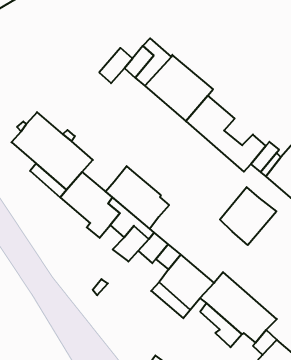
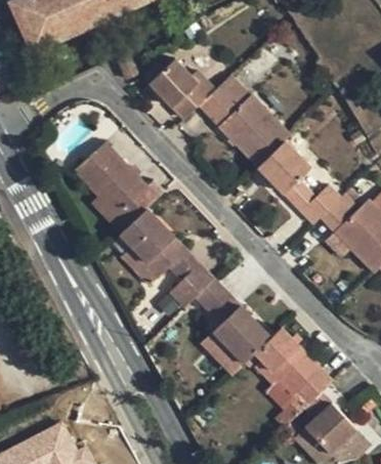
building: none -> [151,59,198,107]
building: [106,166,169,229] -> none
building: [220,187,276,245] -> none

